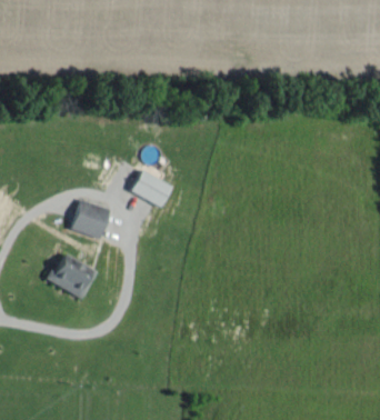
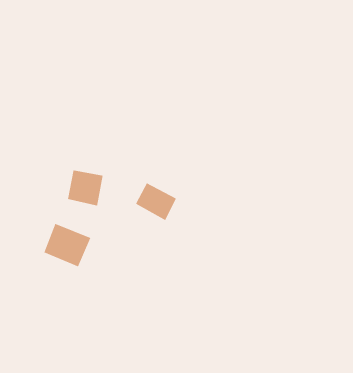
building: [130,170,171,208] -> [135,183,177,221]

